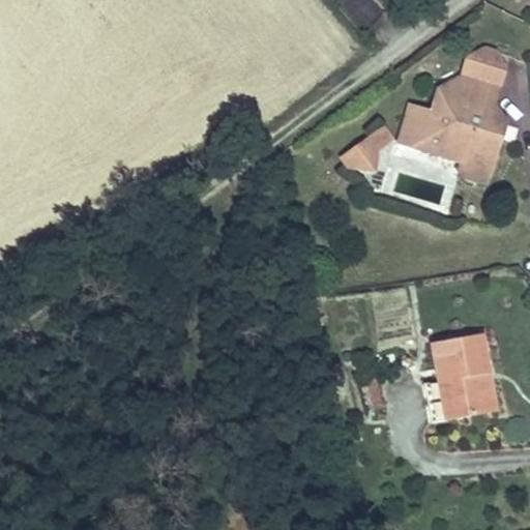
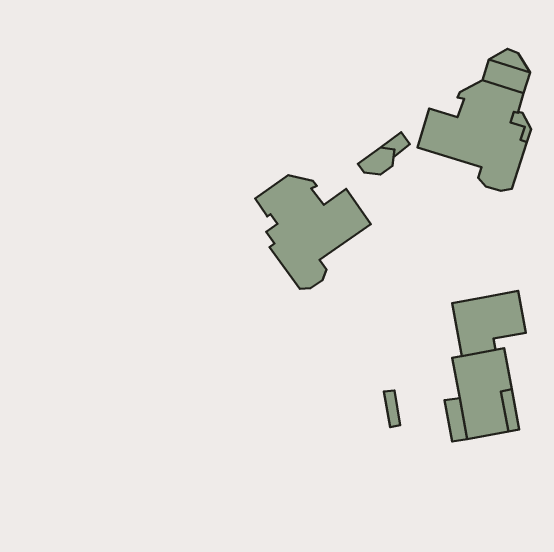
building: none -> [255,175,371,289]
building: none -> [452,291,526,356]

